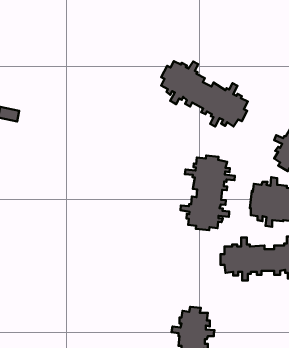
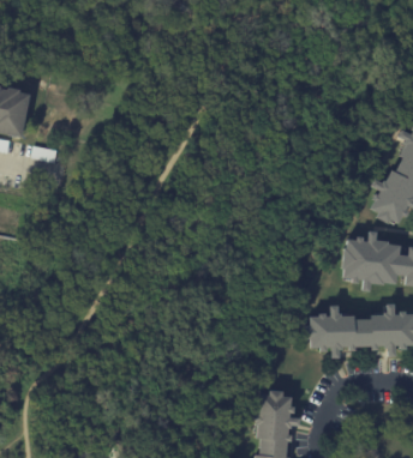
building: [161,61,248,127] -> none
building: [180,155,235,230] -> none

